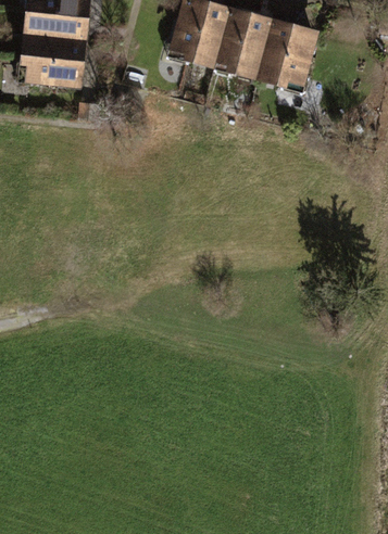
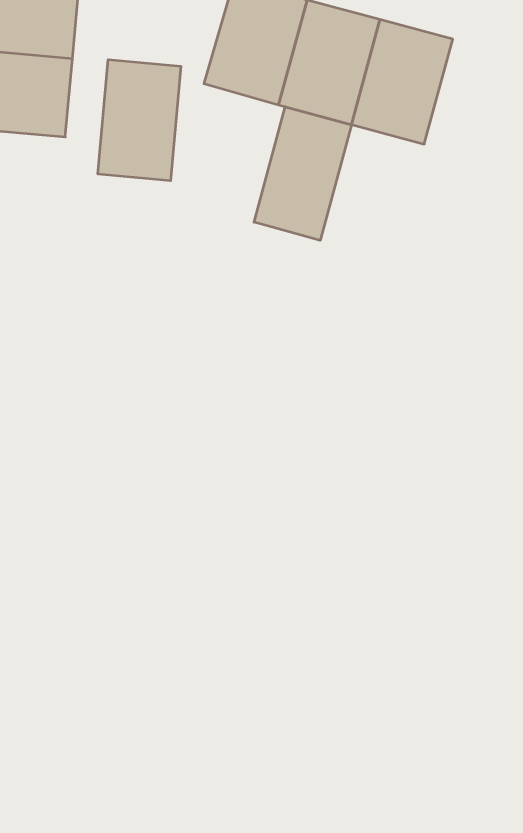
building: none -> [98,60,181,181]
building: none -> [254,107,351,240]

